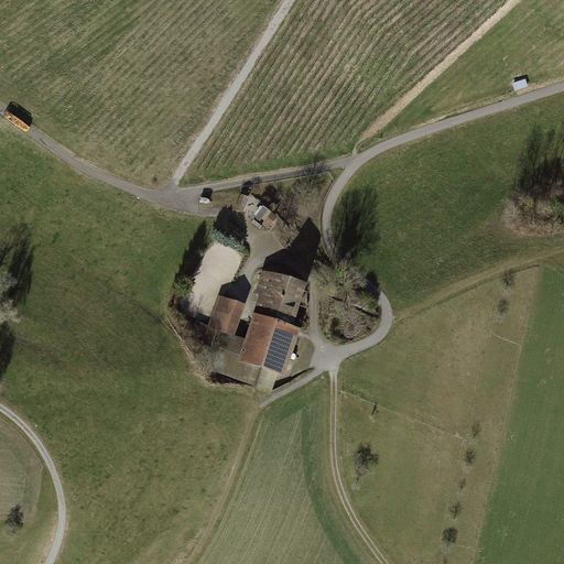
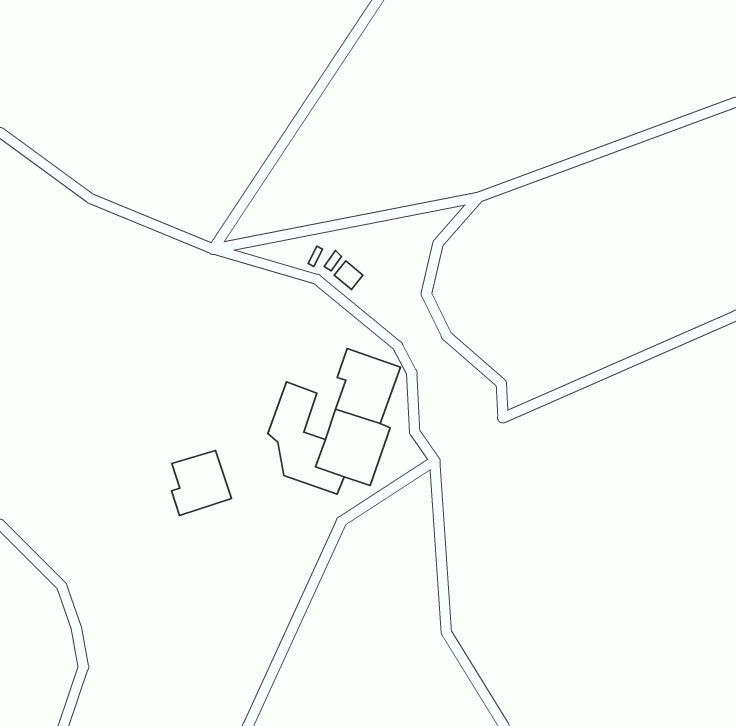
building: none -> [172,450,232,516]

